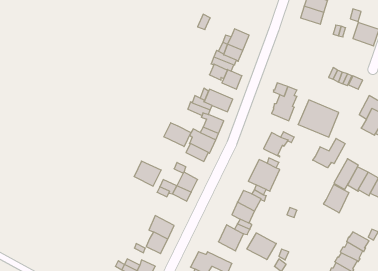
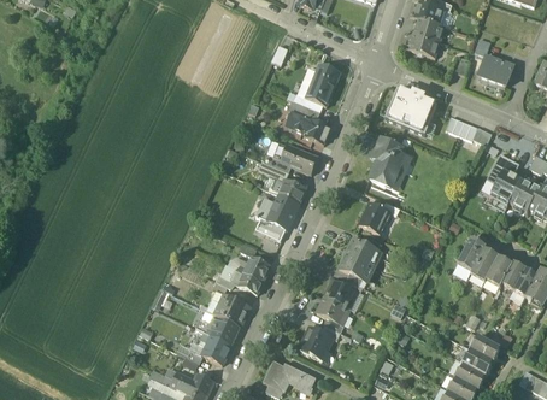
building: [298,100,339,137] -> [384,86,439,135]
building: [164,123,191,147] -> none
building: [313,138,345,168] -> none
building: [134,161,161,186] -> [214,293,251,327]
building: [324,185,349,213] -> none
building: [247,233,276,260] -> none

